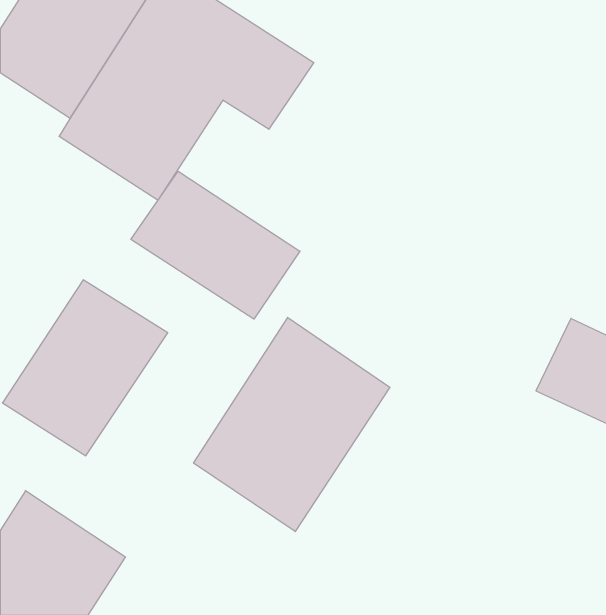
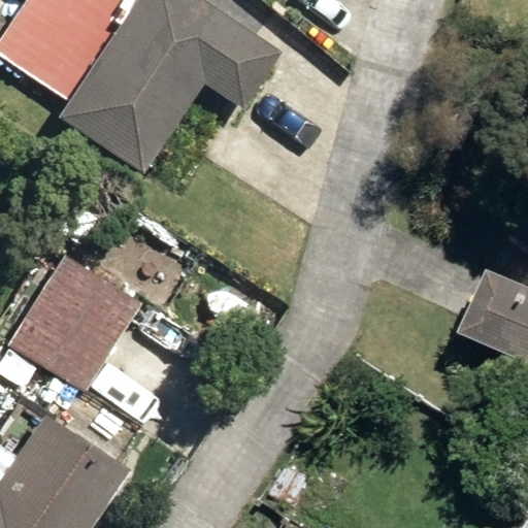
building: [131,171,300,319] -> none
building: [194,317,390,532] -> none

